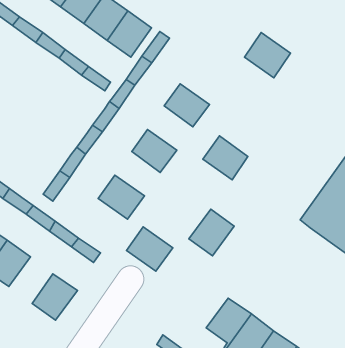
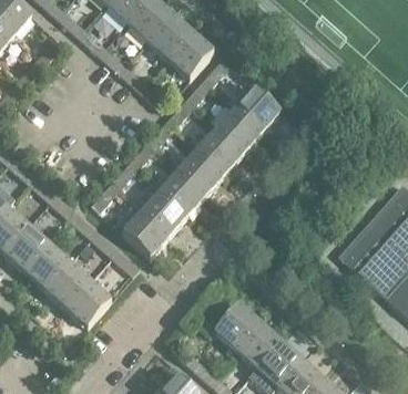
building: [245,32,291,78] -> [234,86,279,132]
building: [203,136,248,180] -> [197,128,242,173]
building: none -> [161,169,205,214]
building: [189,209,234,256] -> [213,303,258,349]
building: [126,227,173,271] -> [123,211,169,256]
building: none -> [45,261,90,307]

